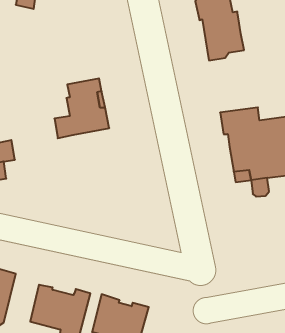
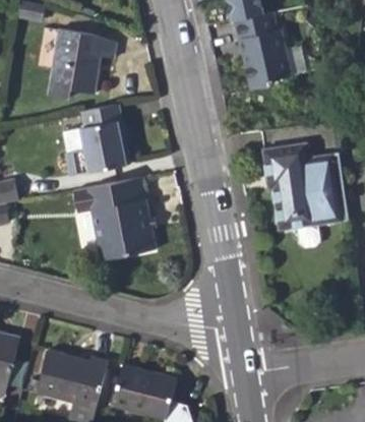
building: none -> [49,28,118,100]
building: none -> [72,178,156,260]

